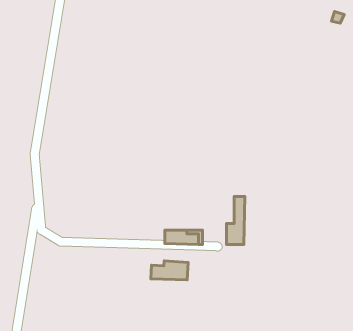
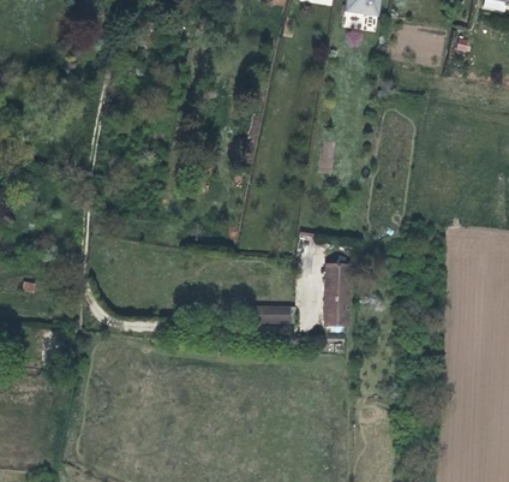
building: [151,261,188,280] -> none

